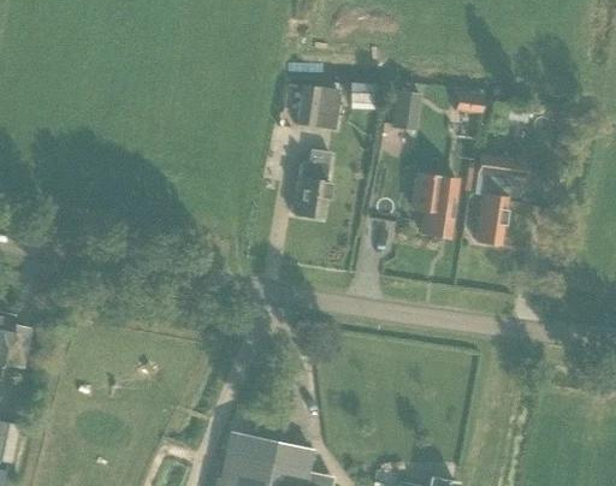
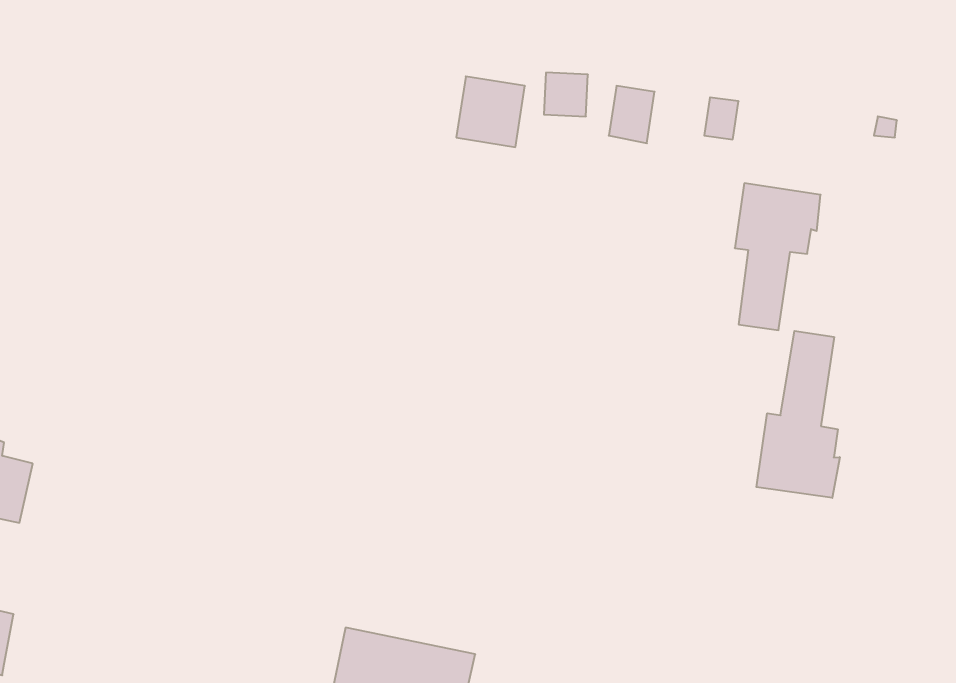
building: [294,150,331,219] -> none
building: [413,174,458,238] -> none
building: none -> [756,331,840,498]

